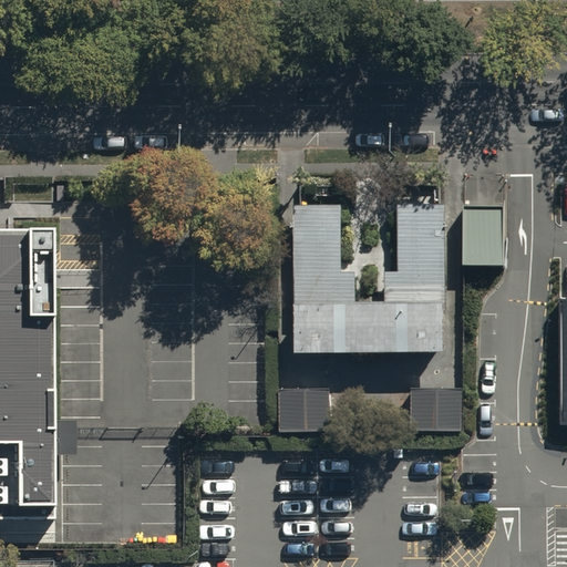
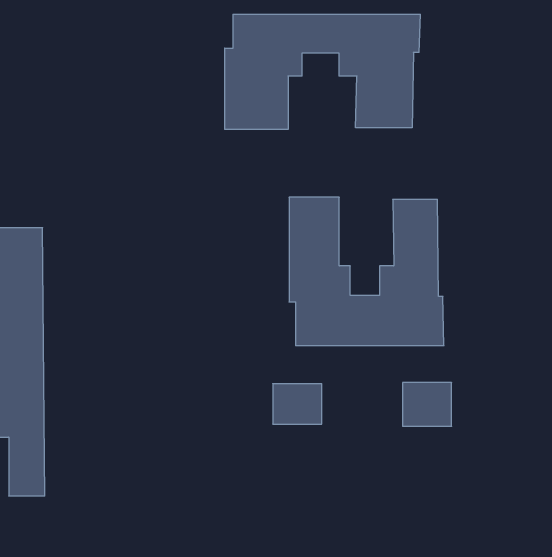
building: none -> [225,14,420,129]
building: [463,209,501,270] -> none

